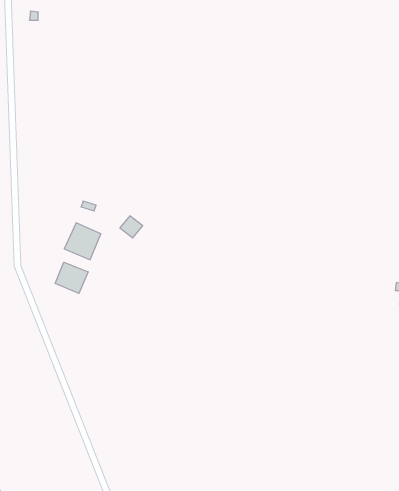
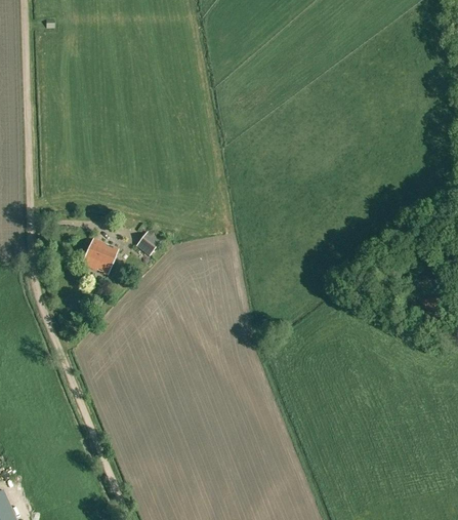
building: [55,262,88,293] -> none

